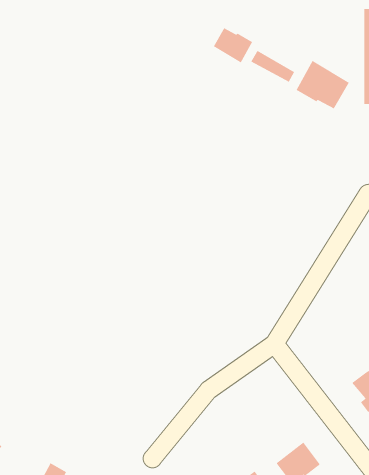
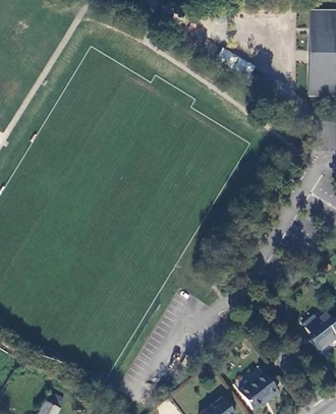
building: [213,27,253,63] -> none
building: [295,60,350,110] -> none

